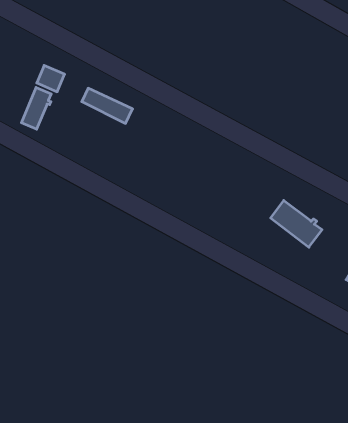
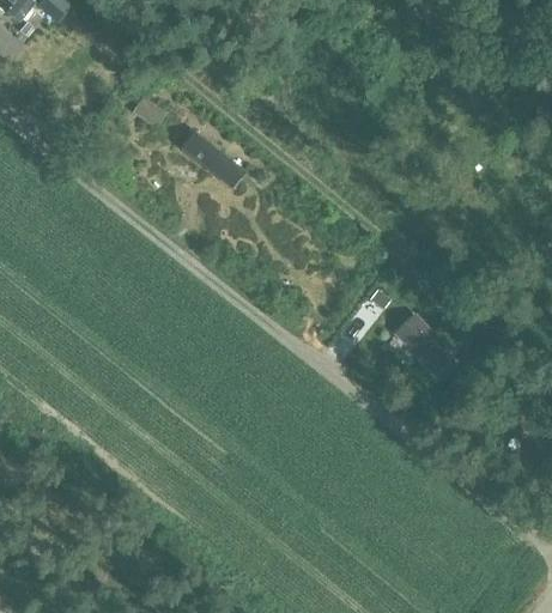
building: [21,87,51,129] -> none

